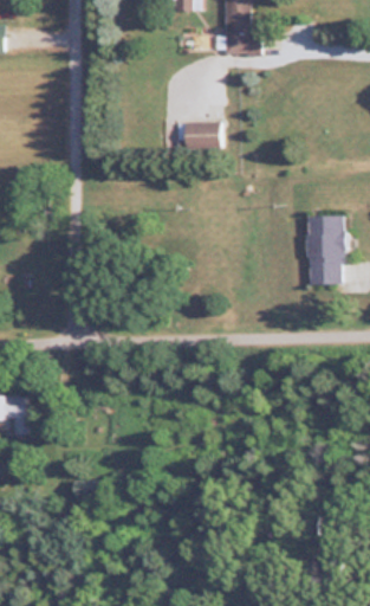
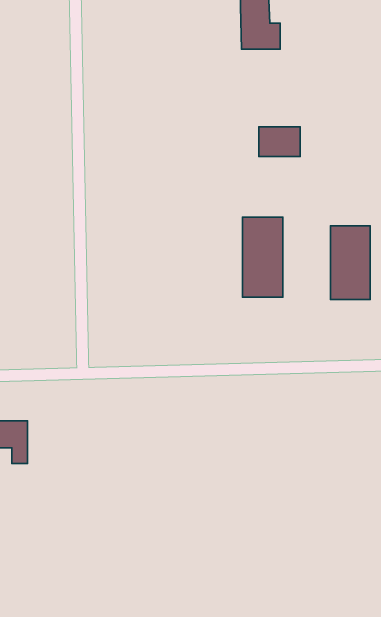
building: [181,122,219,149] -> [259,127,300,157]
building: none -> [243,217,283,297]

